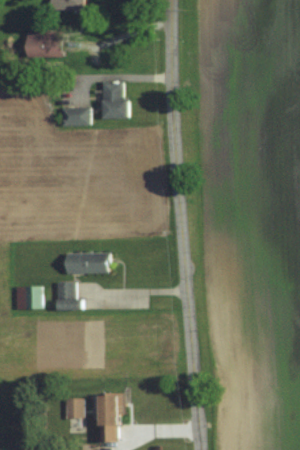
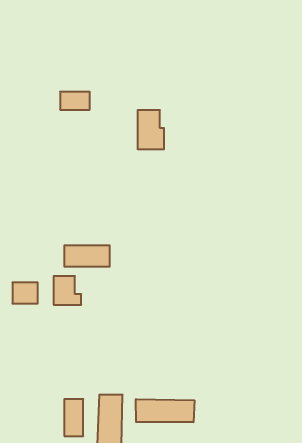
building: [25,30,62,57] -> none
building: [101,81,126,118] -> [138,110,164,149]
building: none -> [136,399,194,422]

